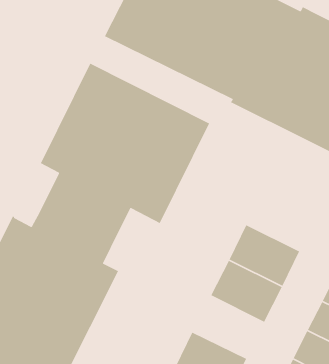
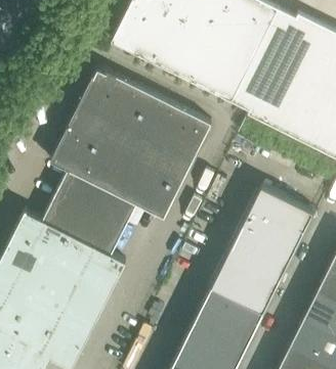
building: none -> [245,186,312,244]
building: none -> [194,287,262,345]

